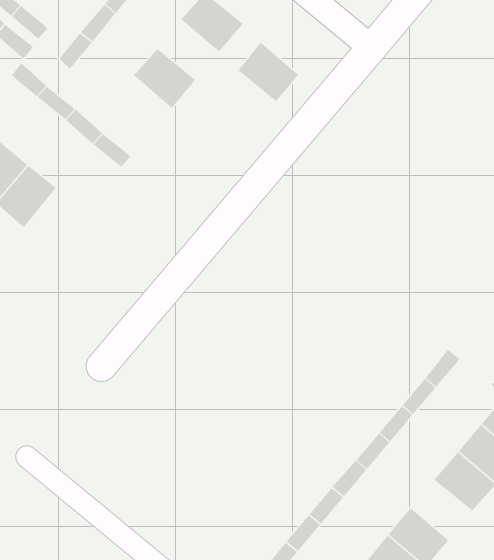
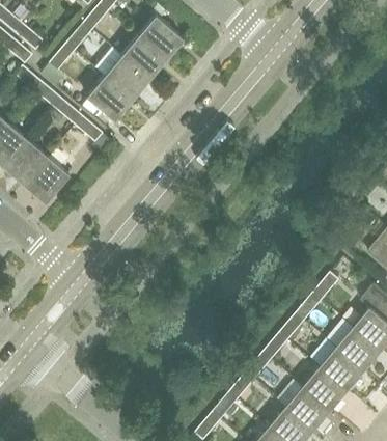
building: [237,42,299,102] -> [120,34,165,78]
building: none -> [86,75,131,119]
building: none -> [24,156,67,201]
building: none -> [303,366,348,410]

